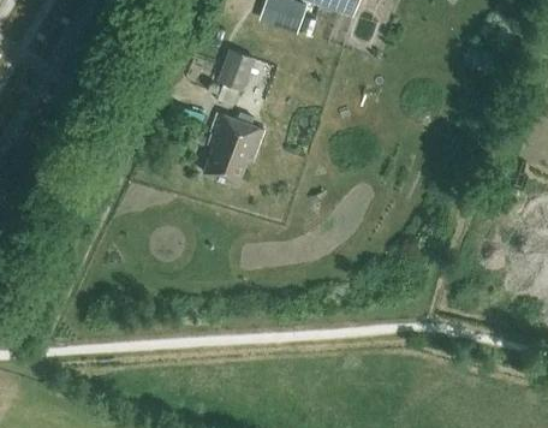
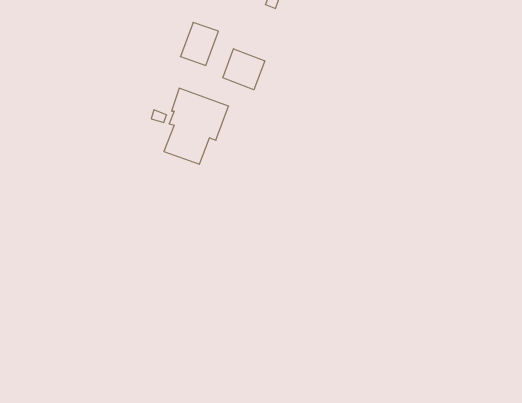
building: none -> [223,49,265,90]

